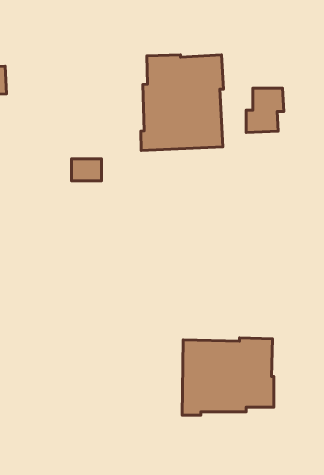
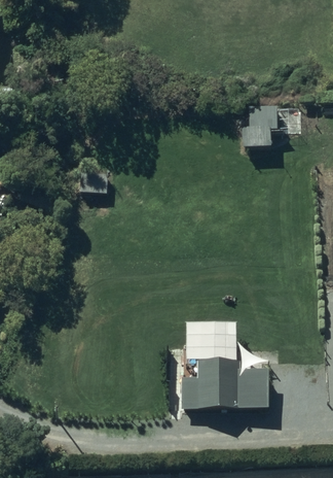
building: [141,55,224,150] -> none

